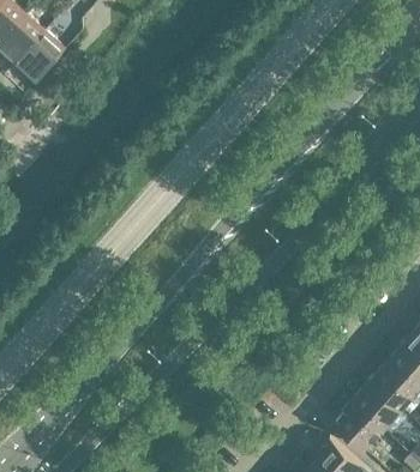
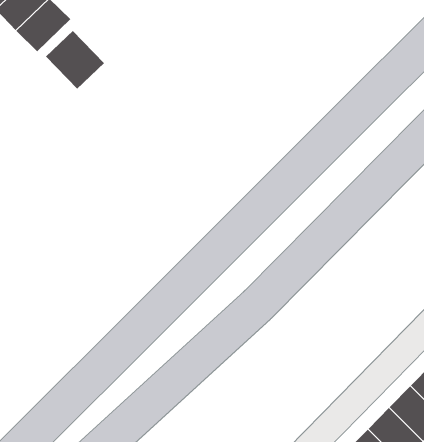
building: none -> [45,30,105,90]

